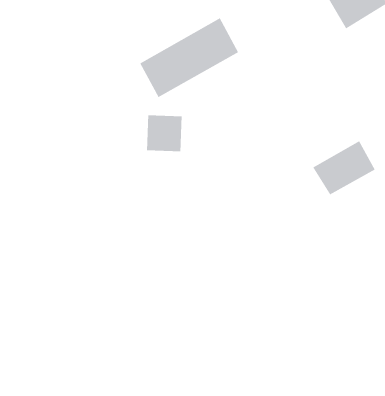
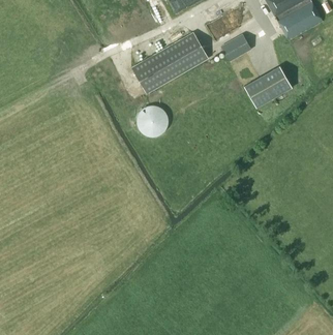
building: none -> [220,33,251,61]
building: [312,140,376,195] -> [243,65,292,108]

